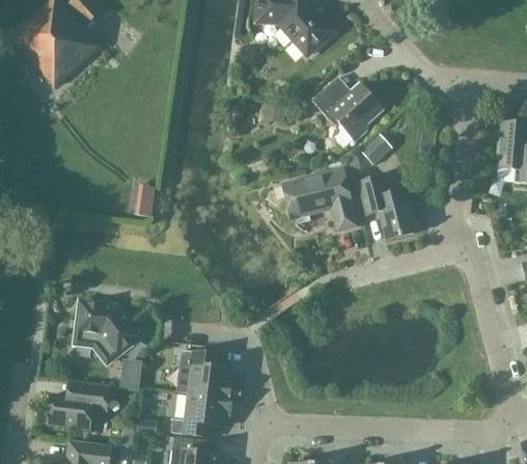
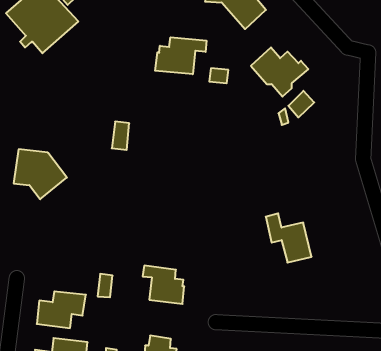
building: none -> [155,37,206,74]
building: [282,170,356,230] -> none
building: [358,179,415,240] -> [266,213,312,263]
building: [73,302,139,364] -> [14,149,67,199]
building: [170,393,228,439] -> none

